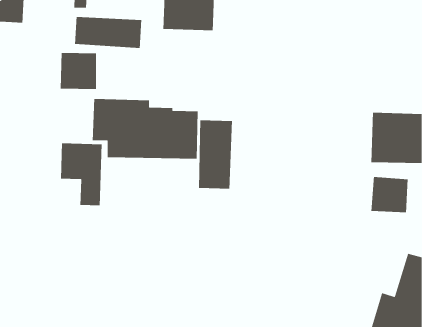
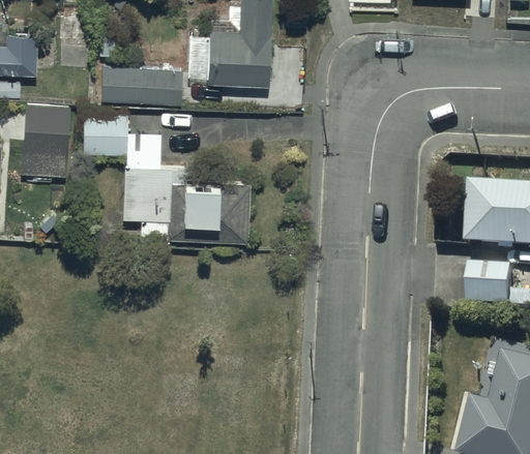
building: none -> [20,103,79,177]
building: [198,119,233,189] -> none
building: [60,143,102,206] -> none

